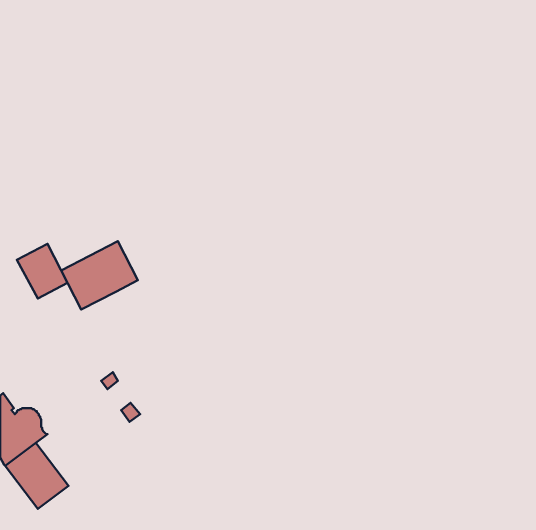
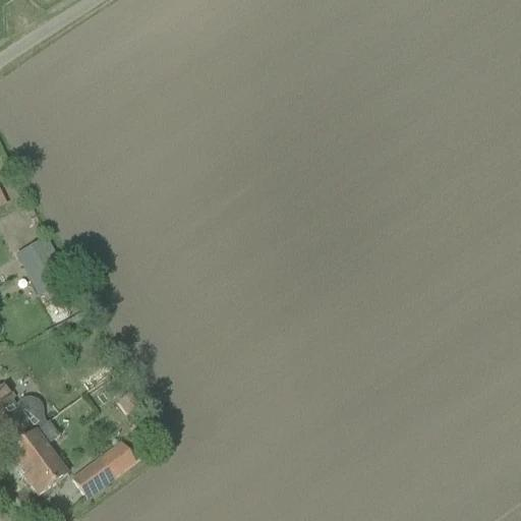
building: [61,241,138,310] -> none
building: none -> [72,443,142,497]

